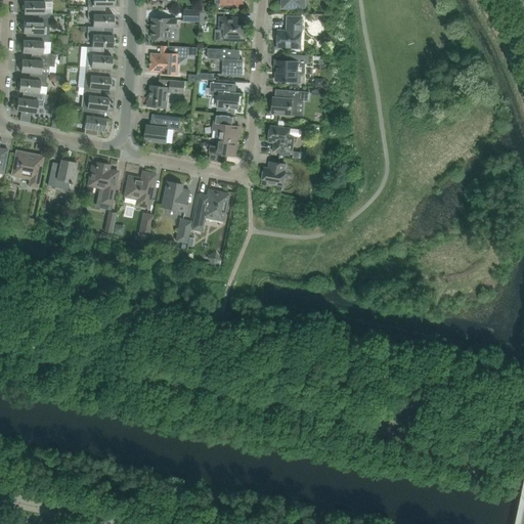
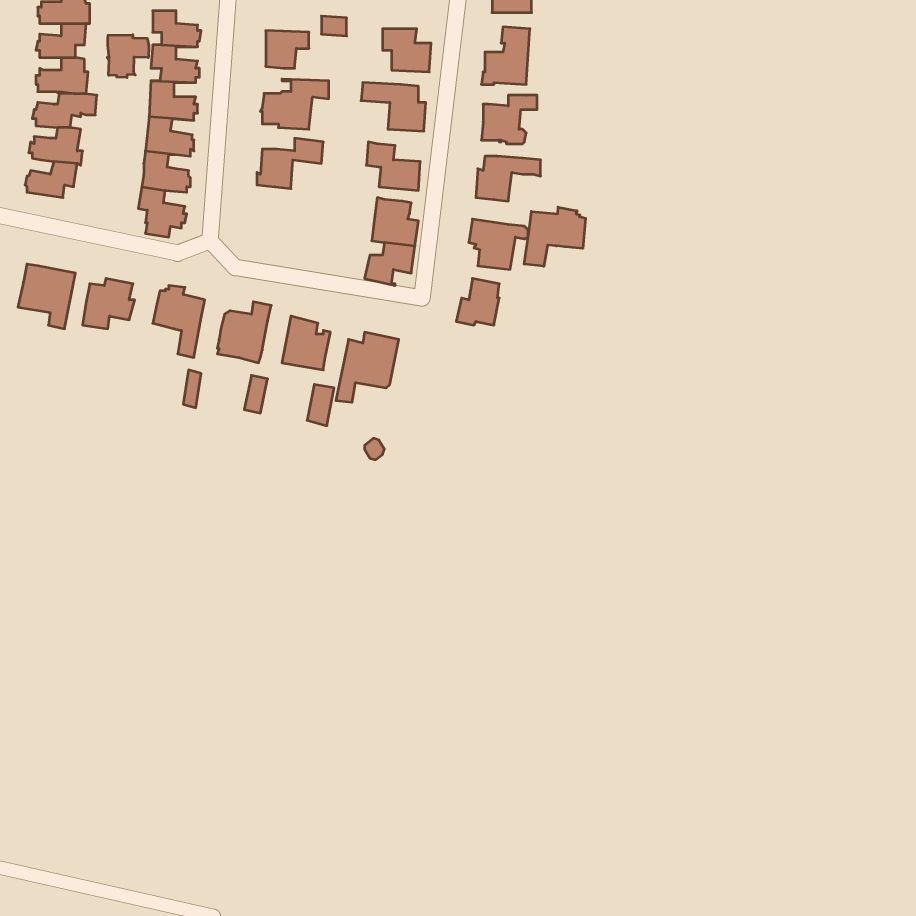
building: none -> [107,35,149,78]
building: [144,115,180,142] -> none
building: none -> [524,207,586,266]

